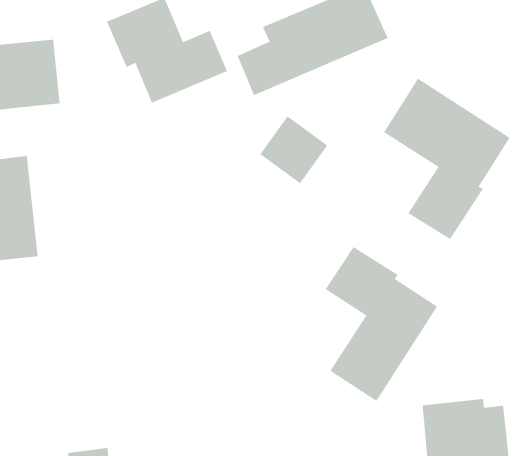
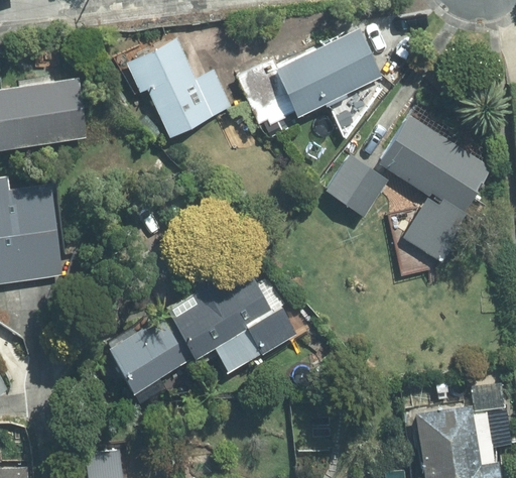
building: [260,115,328,184] -> [325,155,387,218]
building: [325,246,438,402] -> none
building: none -> [100,270,295,392]

